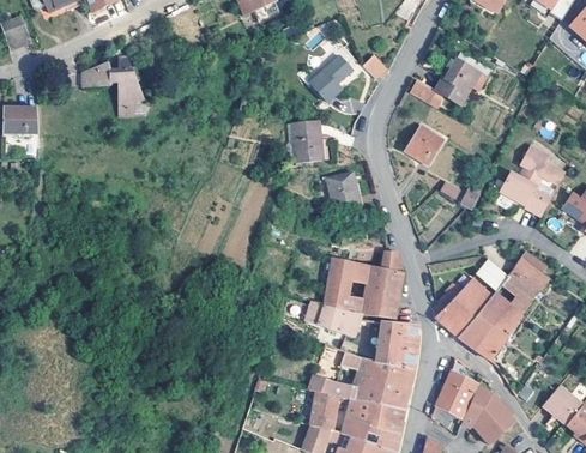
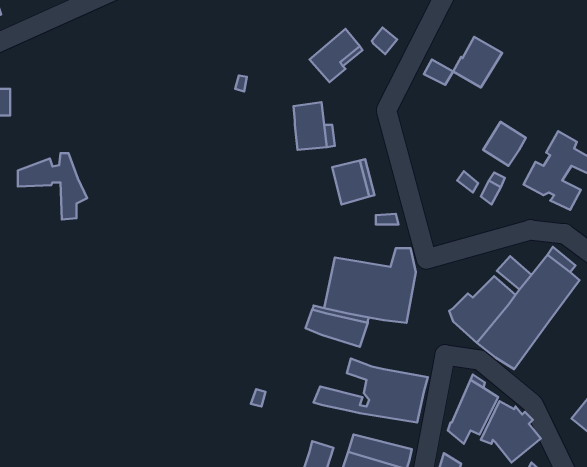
building: [81,56,144,116] -> [18,153,87,220]
building: [405,127,443,167] -> [483,122,526,166]
building: [374,321,419,367] -> none
building: [309,392,342,431] -> none
building: [346,399,404,431] -> none

